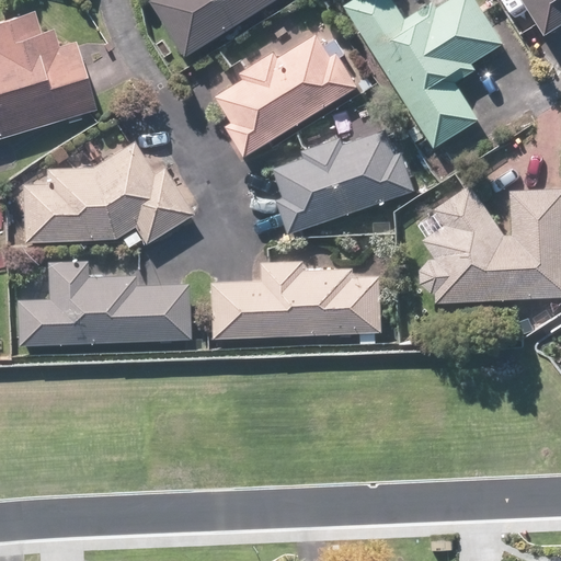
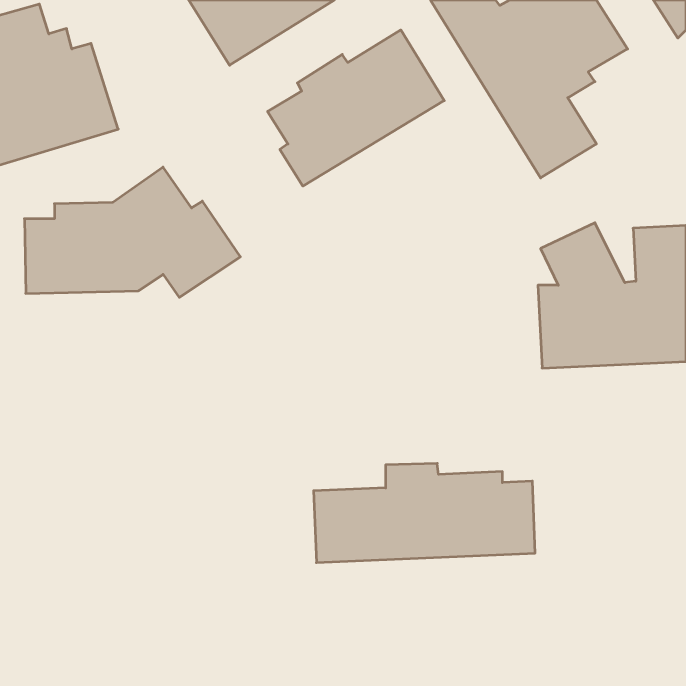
building: [274,129,415,236] -> none
building: [14,261,187,346] -> none
building: [205,261,383,341] -> [314,463,535,563]

